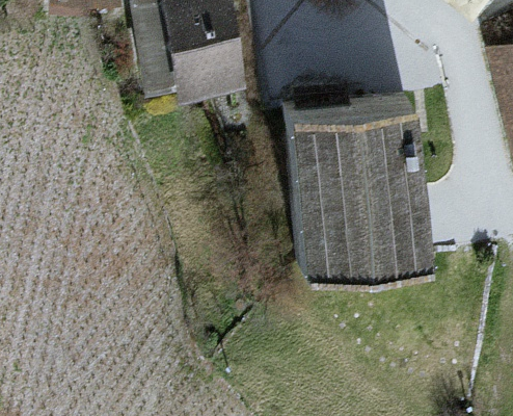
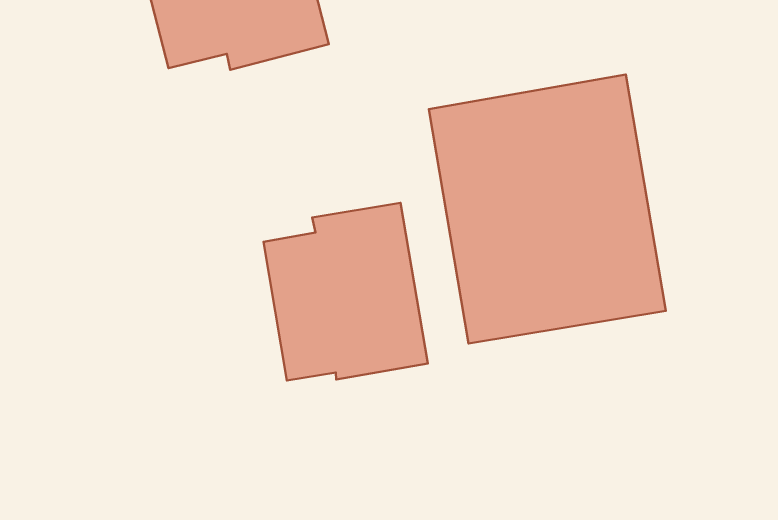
building: none -> [263,203,428,381]

